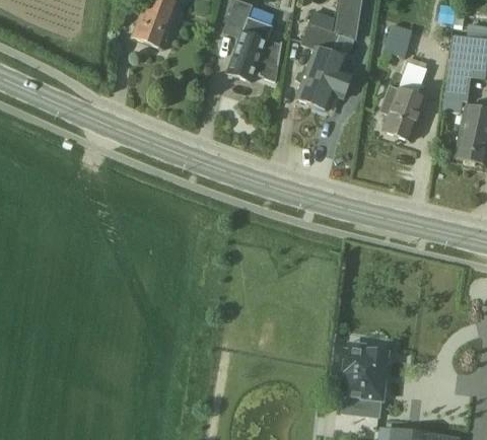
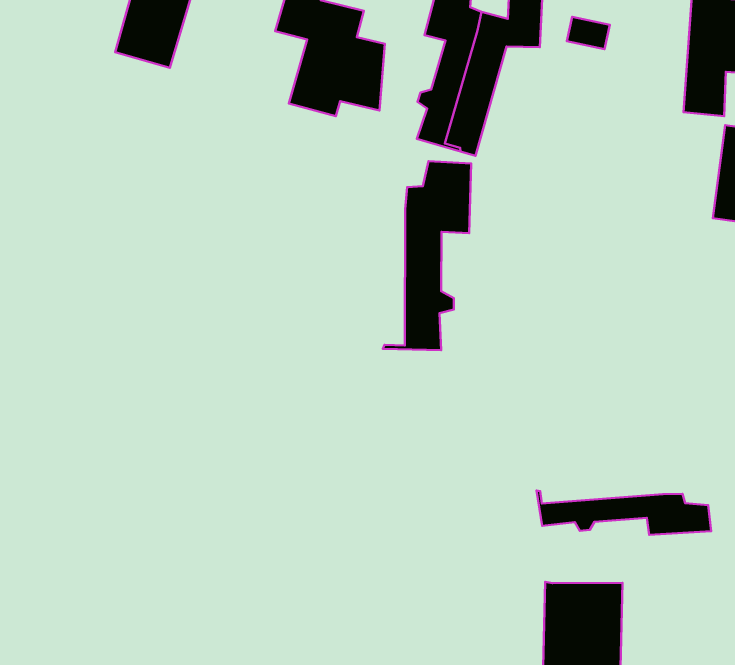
building: [382,61,428,141] -> none
building: none -> [383,161,471,350]
building: none -> [536,490,711,535]

